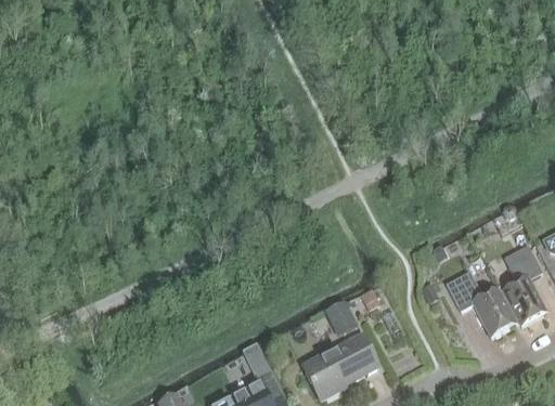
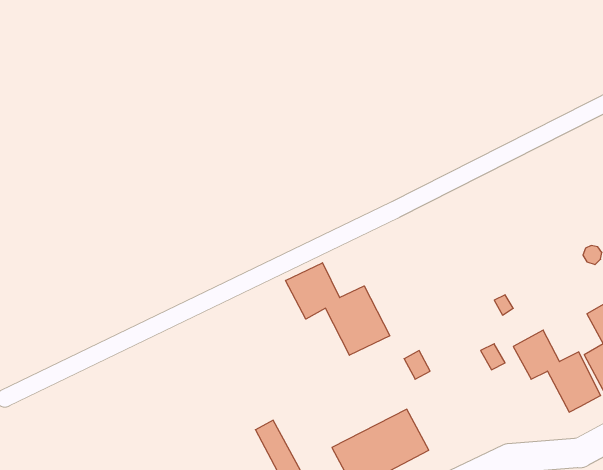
building: none -> [286,263,390,355]
building: [324,299,358,336] -> none

